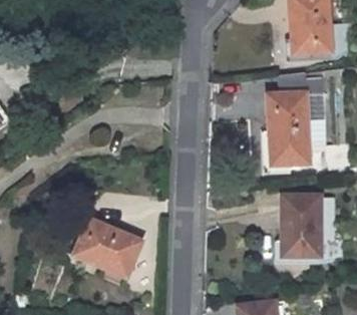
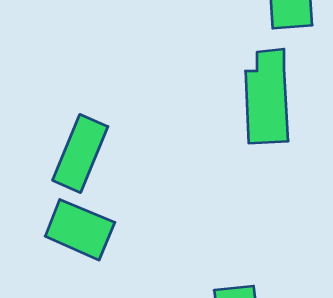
building: none -> [53,114,108,193]
building: [282,197,320,257] -> none

